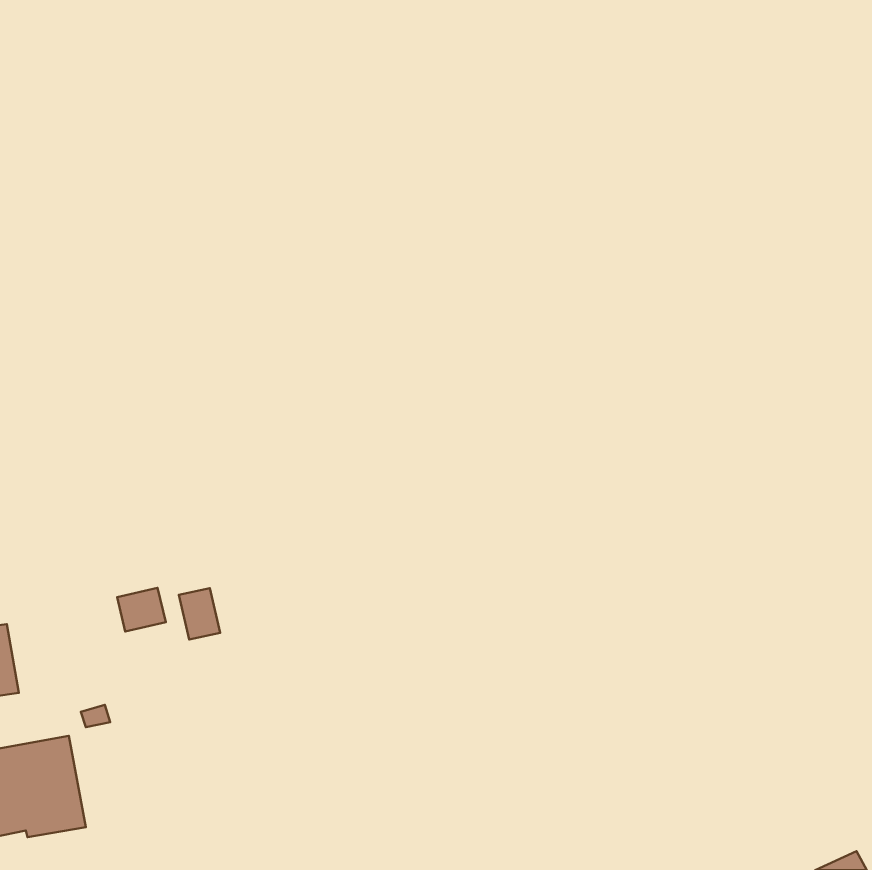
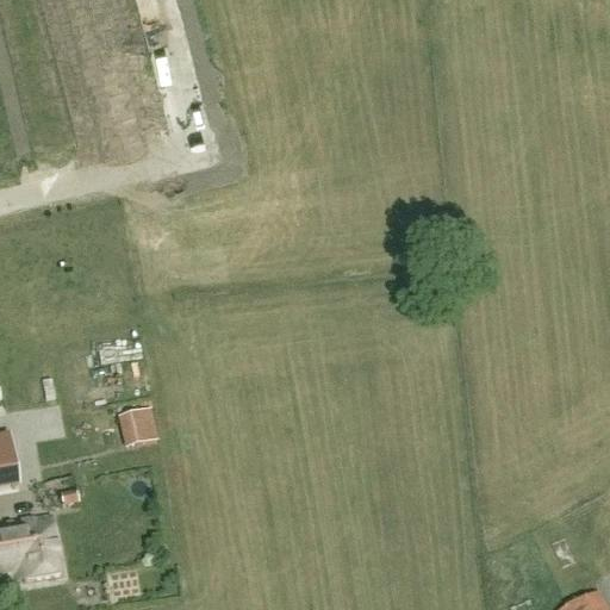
building: [117,588,166,631] -> none

